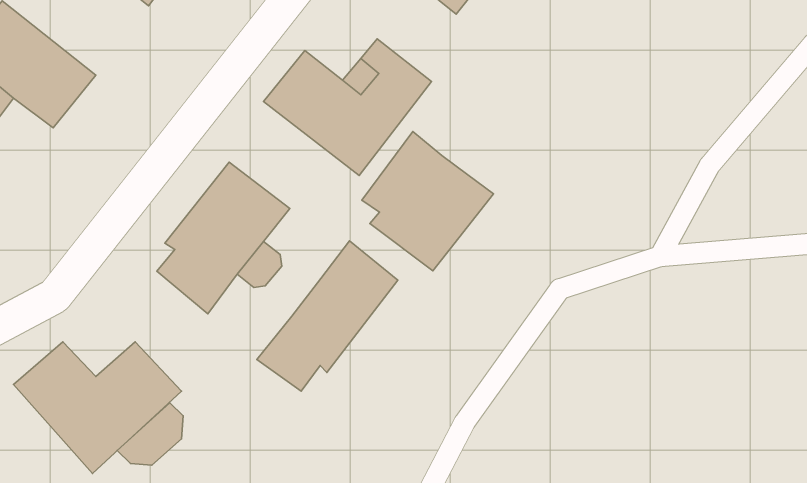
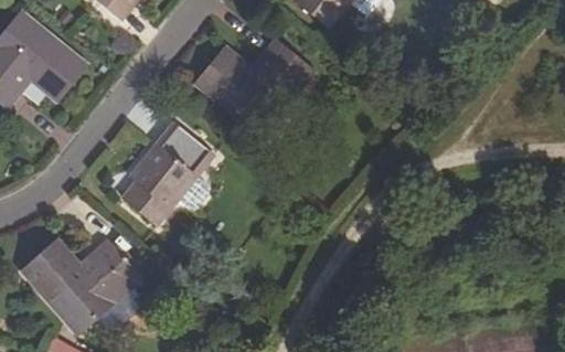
building: [362,131,494,271] -> none
building: [257,241,398,391] -> none

